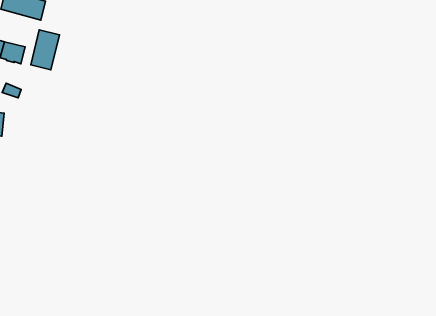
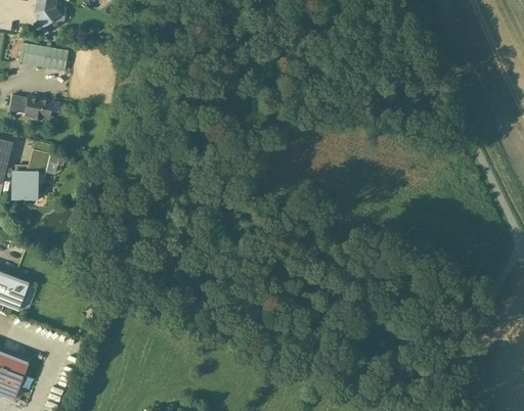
building: [31,30,59,70] -> none

